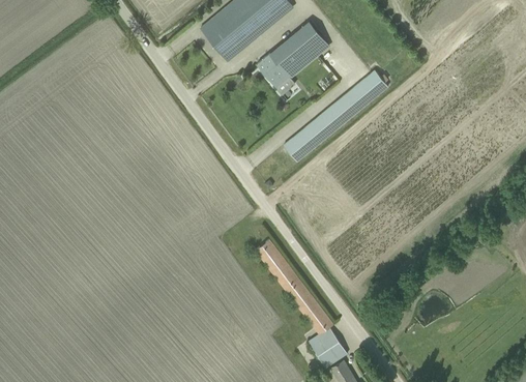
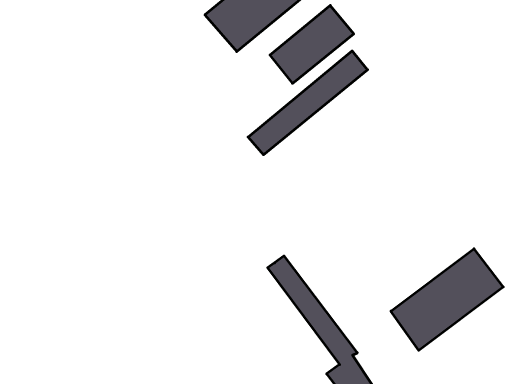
building: [284,70,388,161] -> [248,51,368,155]
building: none -> [391,249,503,350]

